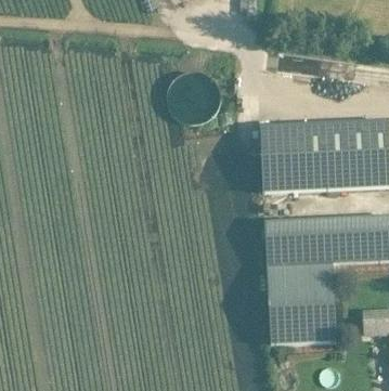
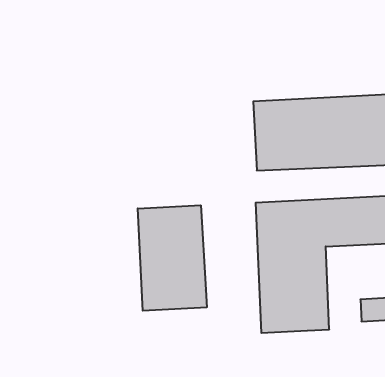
building: none -> [138,205,207,311]

